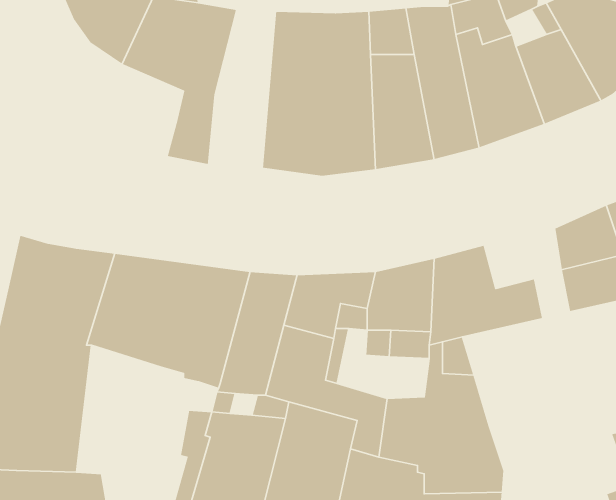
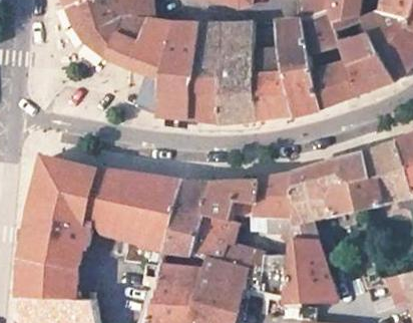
building: none -> [157,22,197,117]
building: none -> [323,153,374,208]

